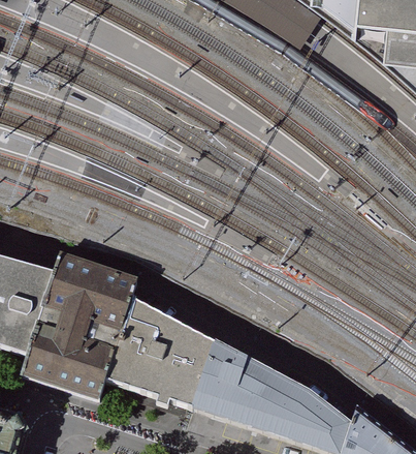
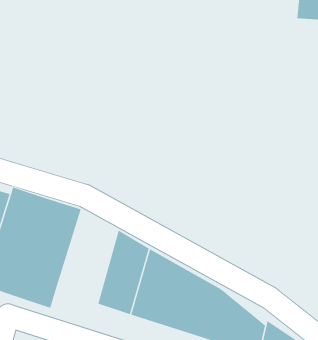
building: [105,285,177,395] -> none

